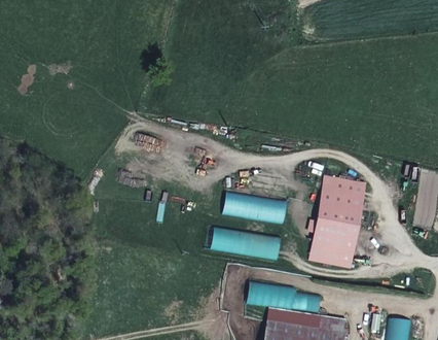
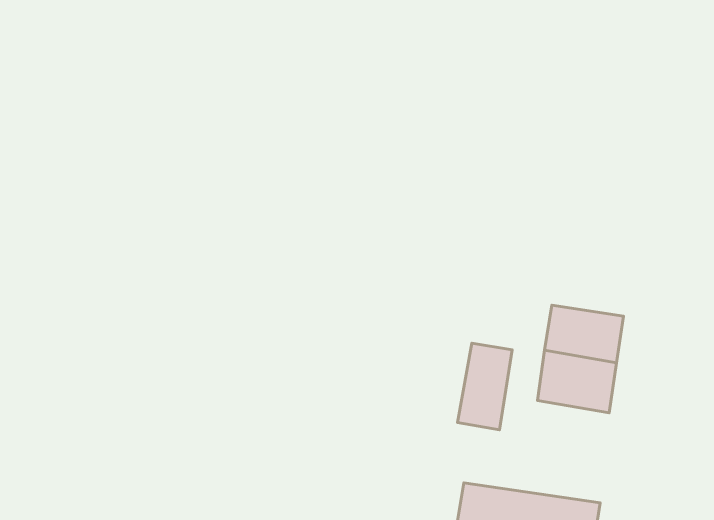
building: [320,176,366,212] -> none
building: none -> [458,343,512,430]

